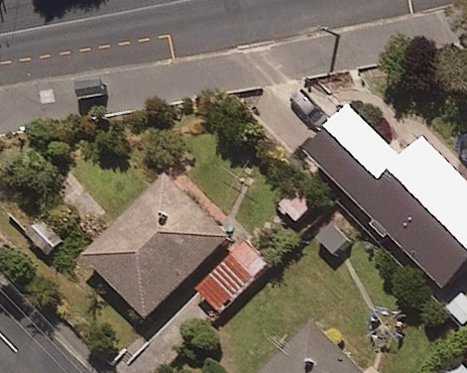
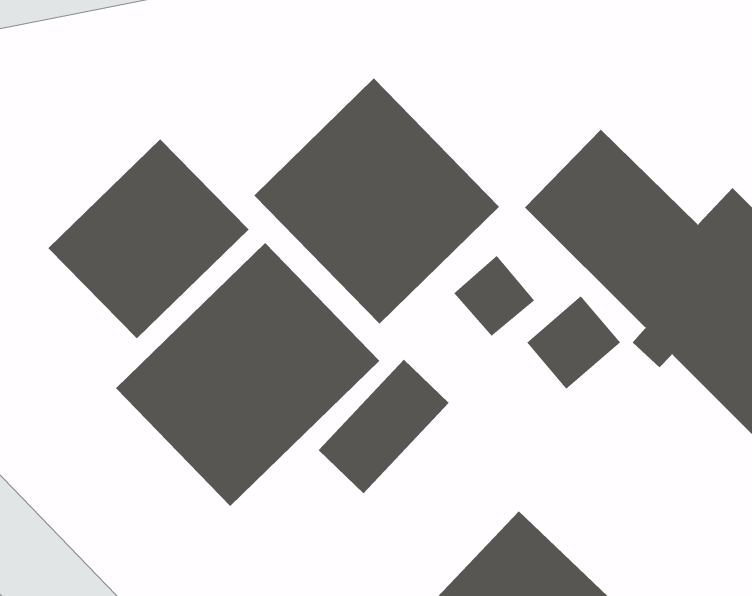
building: none -> [254,78,500,325]
building: none -> [47,138,249,339]

